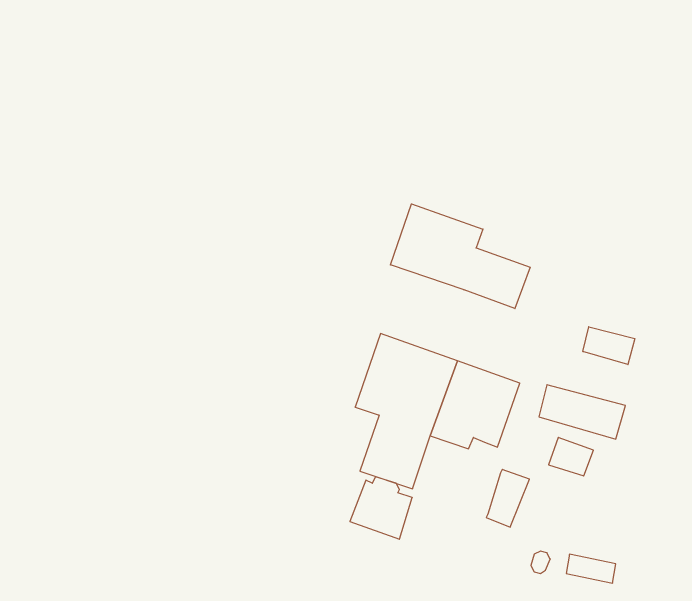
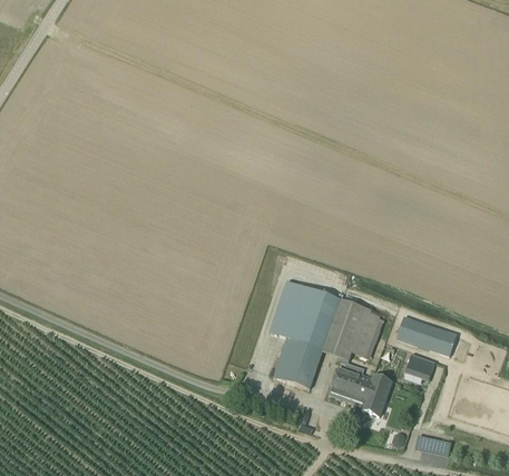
building: [390,204,530,309] -> none
building: [583,327,635,365] -> none
building: [350,477,412,539] -> [327,363,371,406]

